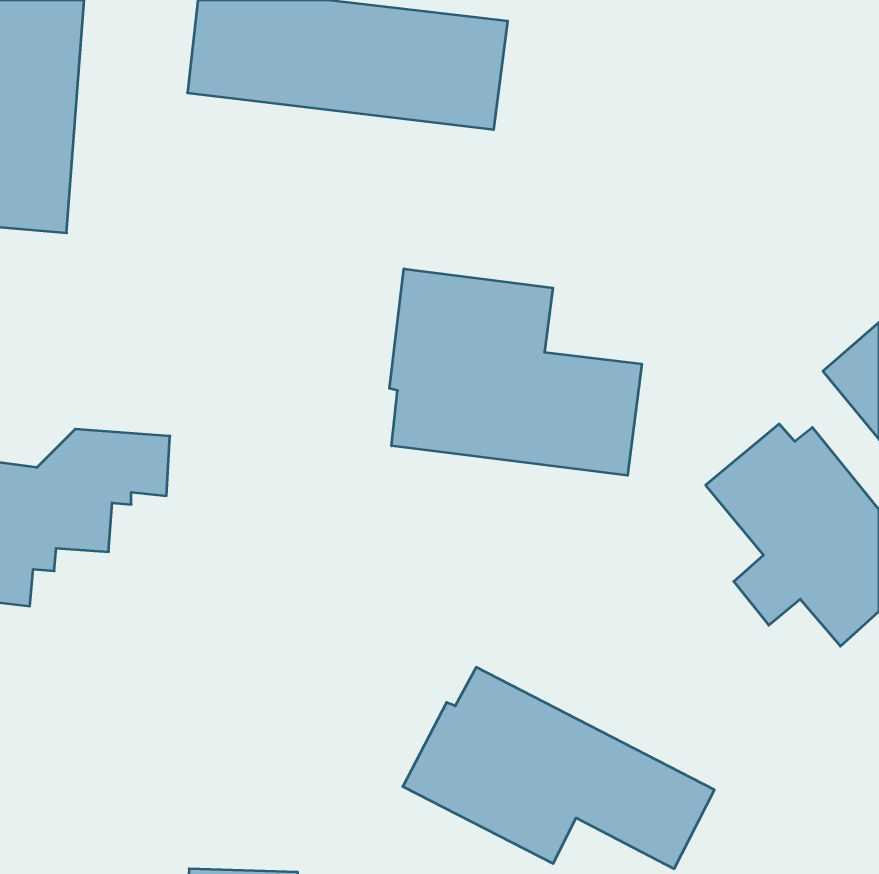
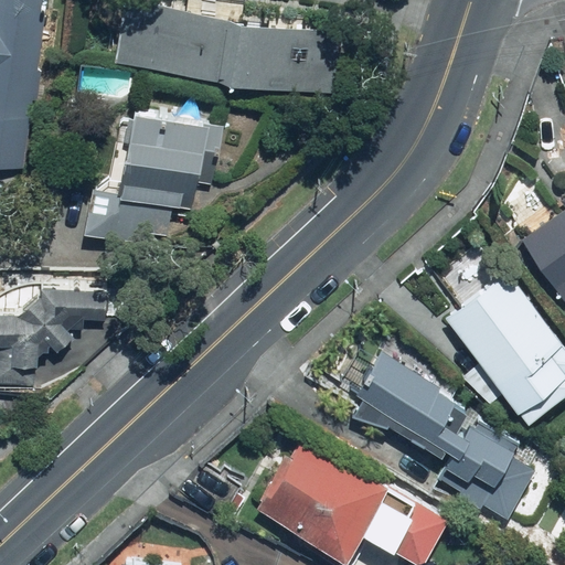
building: none -> [84,108,224,248]
building: [389,269,642,475] -> none
building: none -> [351,358,531,520]

